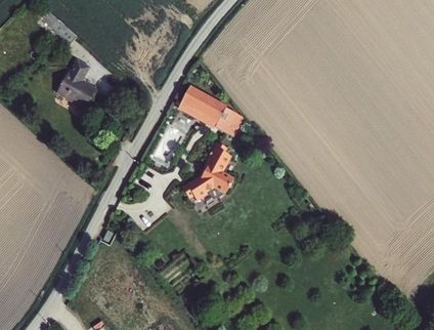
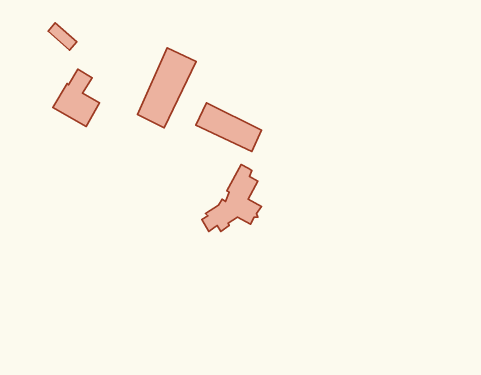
building: none -> [138,48,196,128]

